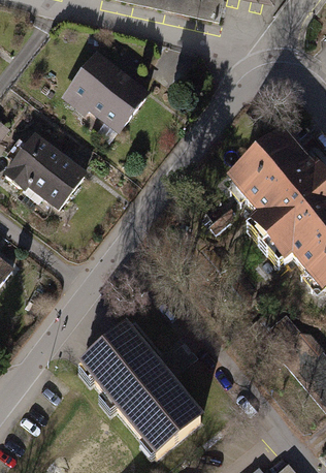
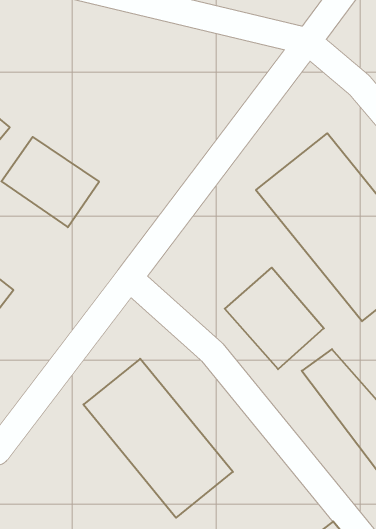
building: [66,55,150,135] -> none
building: none -> [225,268,324,369]

